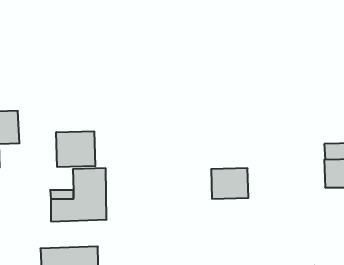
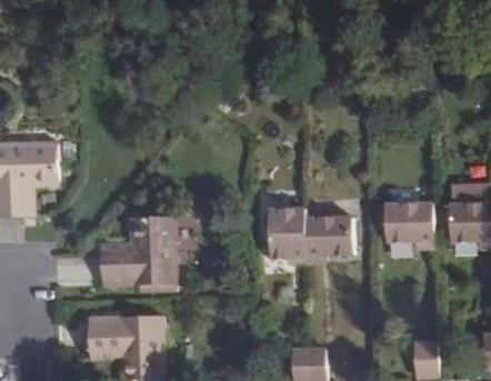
building: [56,131,95,167] -> none
building: none -> [384,203,433,241]
building: none -> [268,209,305,258]

